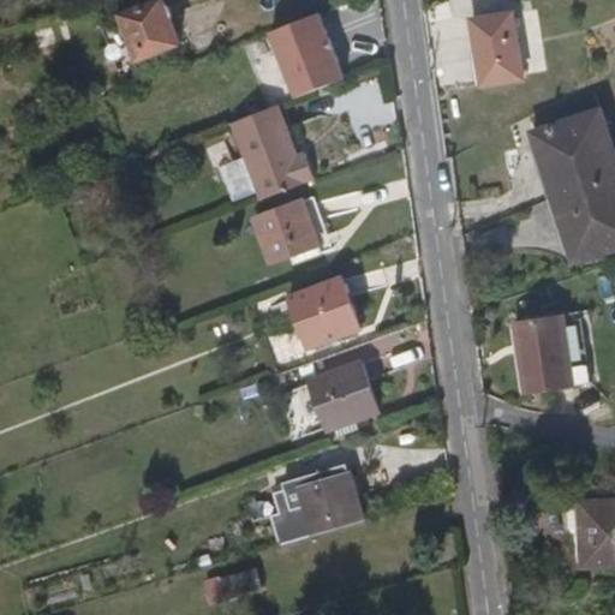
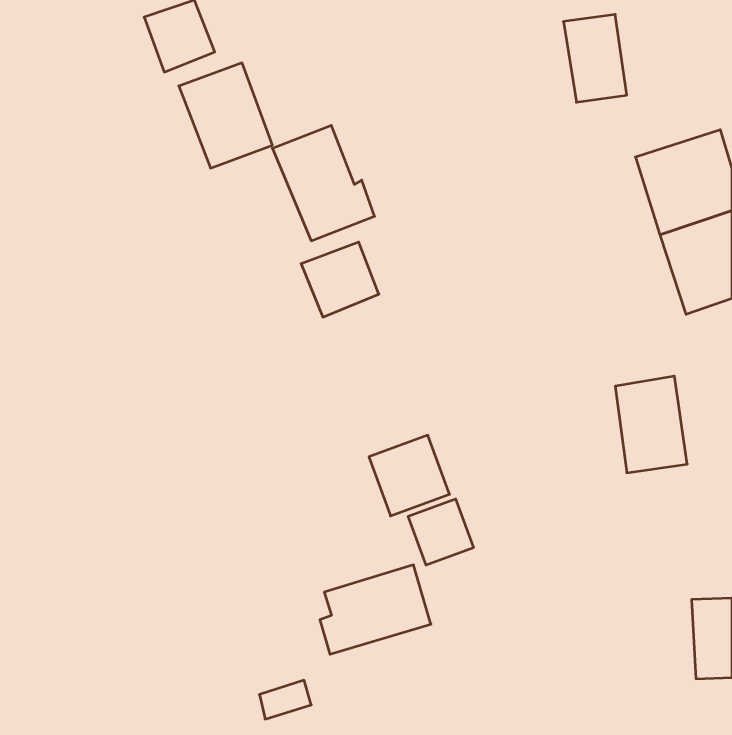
building: [264,8,342,96] -> [179,63,272,168]
building: [287,277,358,348] -> none
building: none -> [408,499,473,565]

